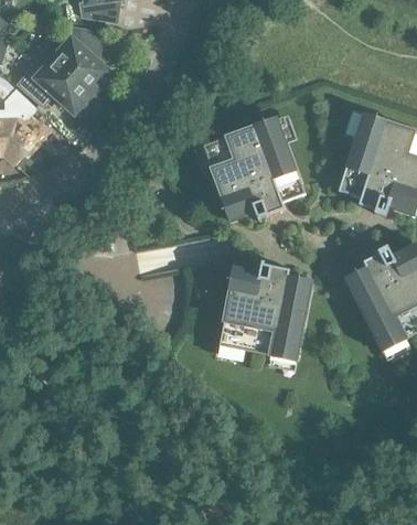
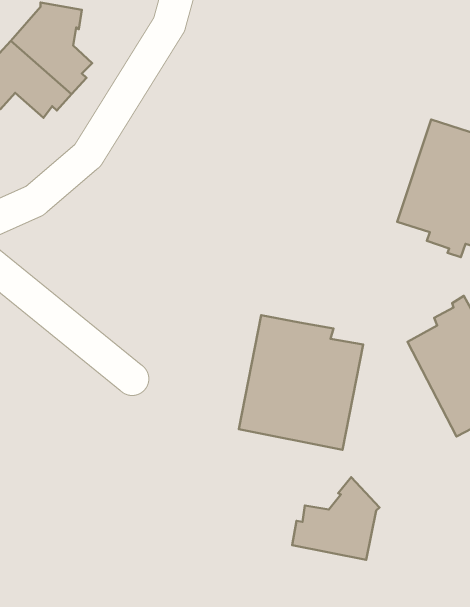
building: [202,118,304,221] -> none
building: none -> [292,477,379,560]

